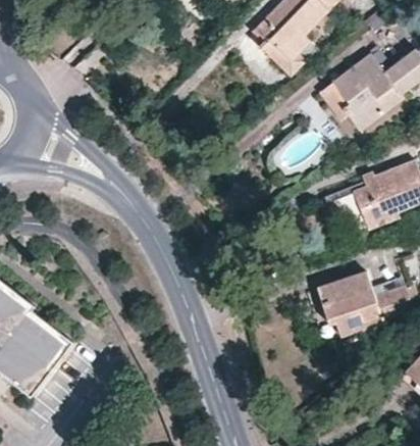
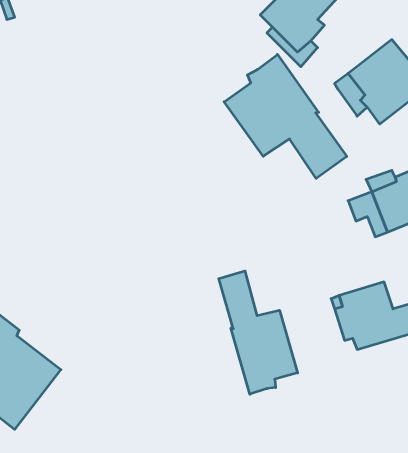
building: none -> [224,54,347,178]
building: none -> [219,271,298,394]

